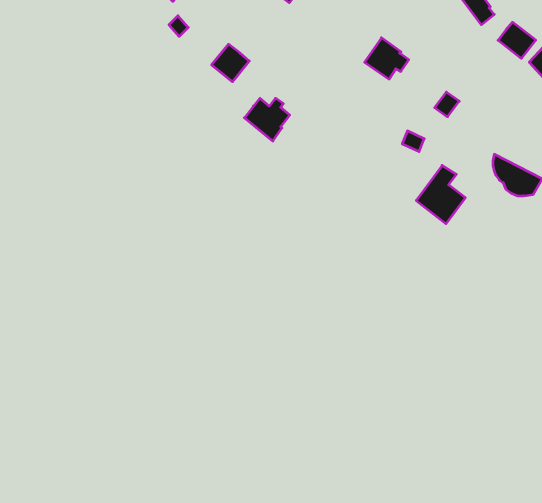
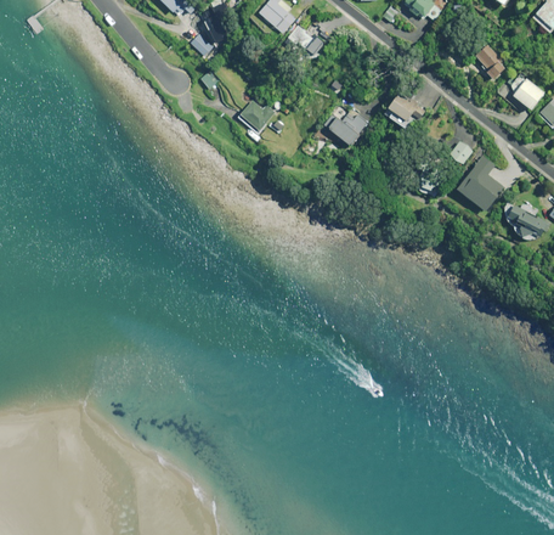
building: [244,98,290,141] -> [324,106,367,146]
building: [416,165,465,224] -> [458,156,504,210]

